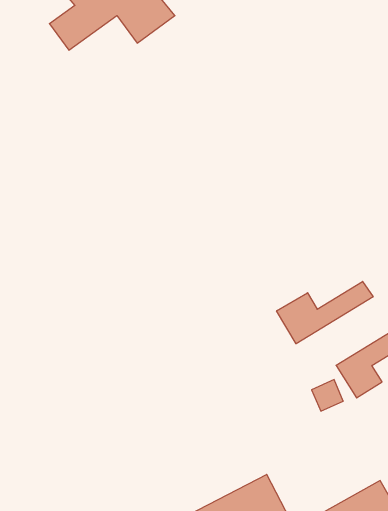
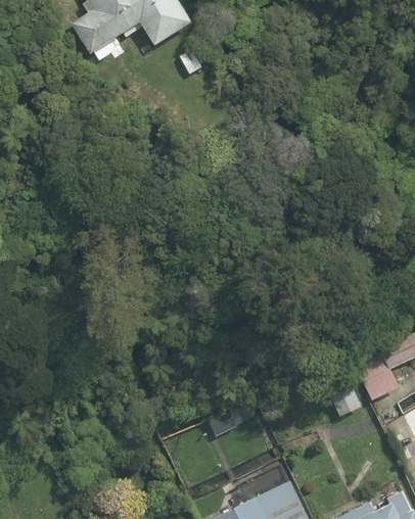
building: [277,281,373,344] -> none

